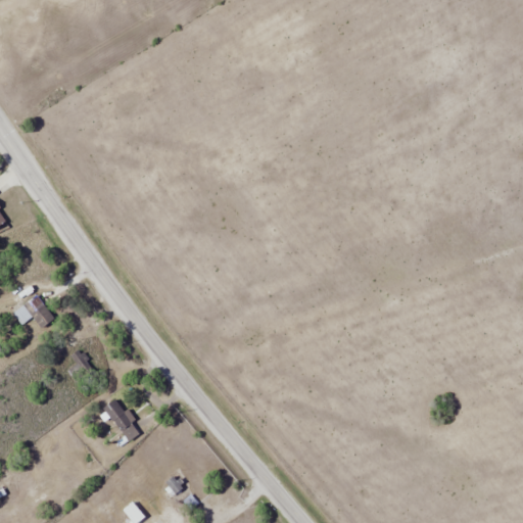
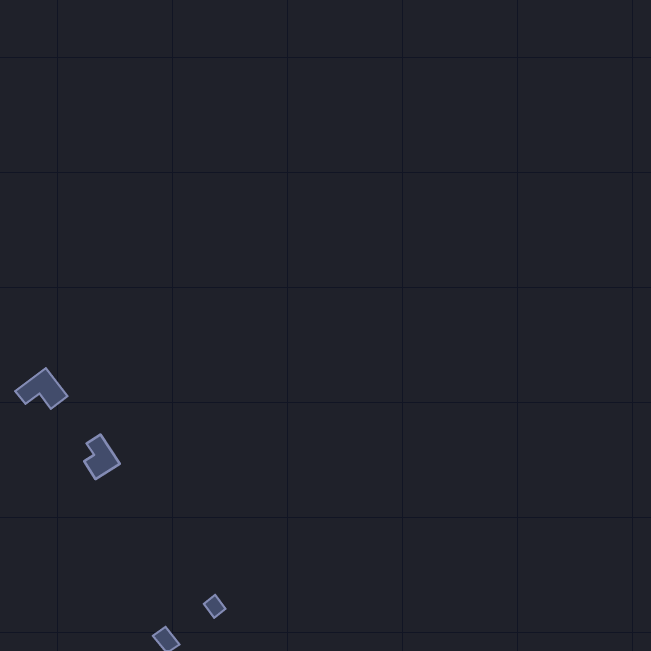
building: [102,398,142,441] -> none

